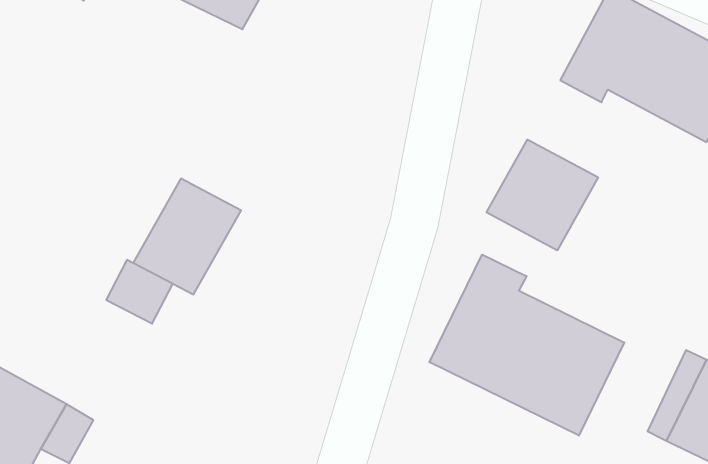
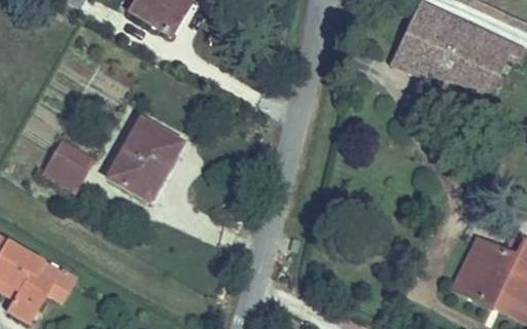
building: [487,140,598,250] -> none
building: [429,255,624,436] -> none
building: [106,260,173,324] -> [46,140,90,181]

